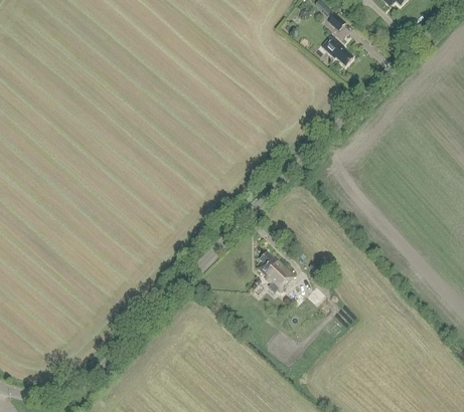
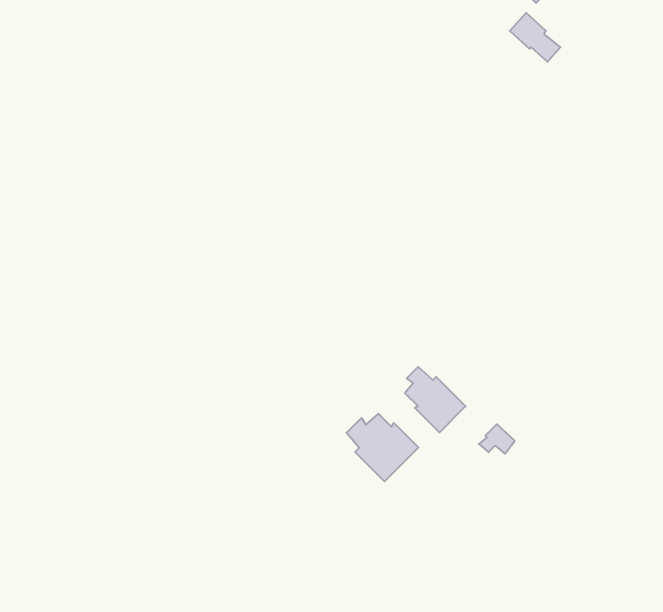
building: none -> [346,414,418,481]

